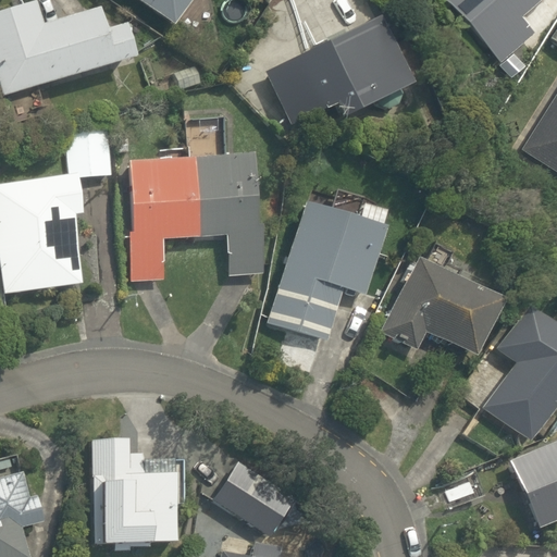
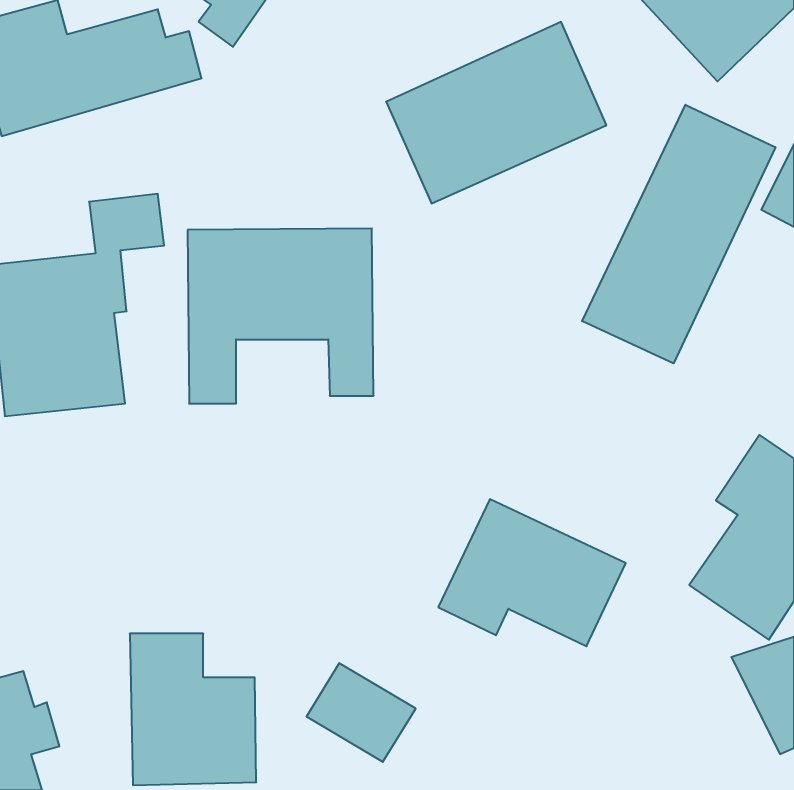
building: none -> [582,105,775,363]
building: [264,200,394,341] -> none
building: [379,256,509,358] -> [438,499,626,646]

